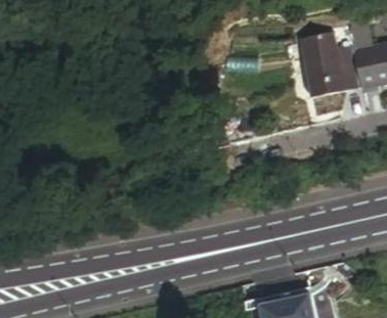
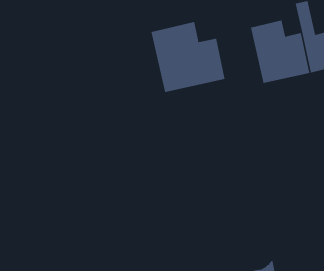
building: none -> [151,21,225,93]

